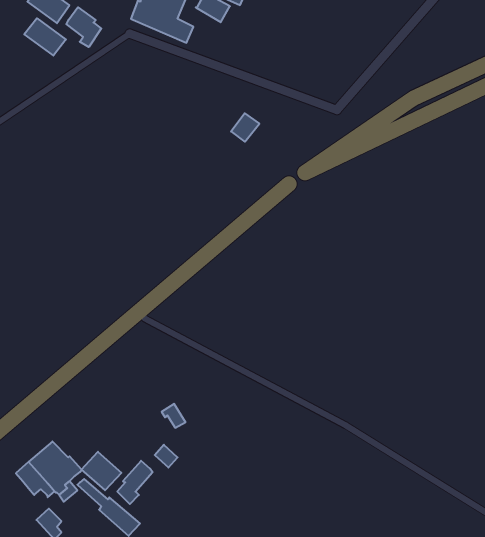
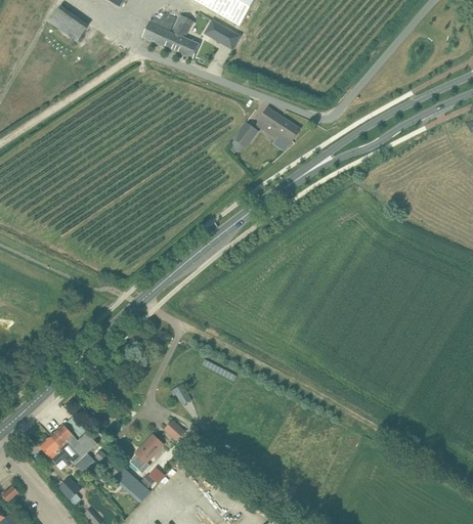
building: [66,7,101,47] -> none
building: [24,18,66,56] -> none
building: none -> [256,107,298,150]
building: [82,452,121,490] -> none

